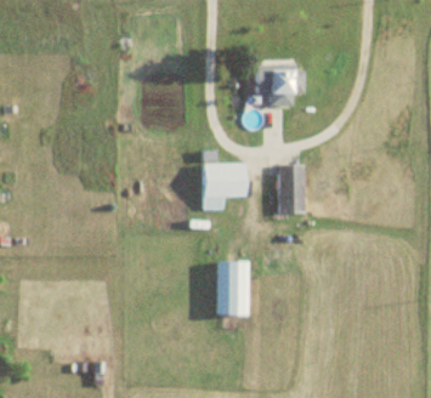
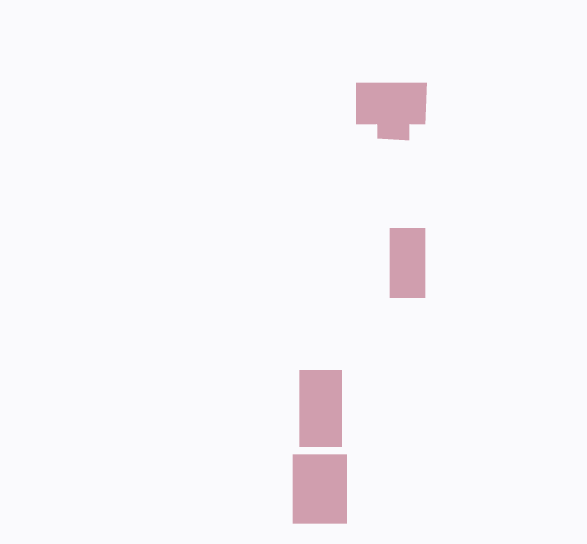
building: [203,164,245,197] -> none
building: none -> [292,453,347,525]

